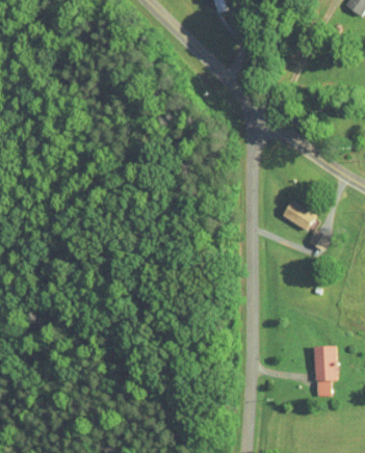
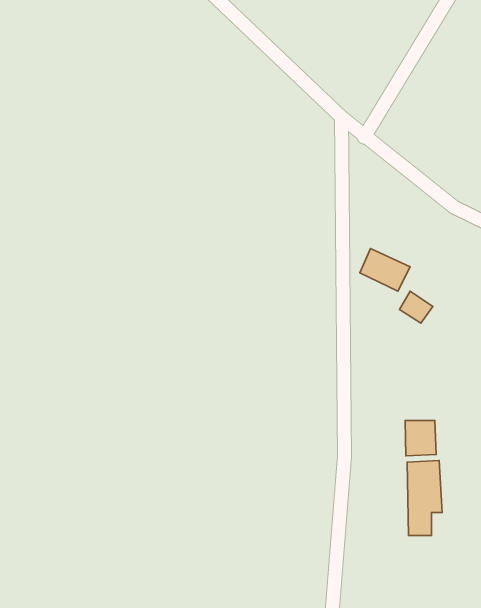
building: none -> [405,420,436,456]

